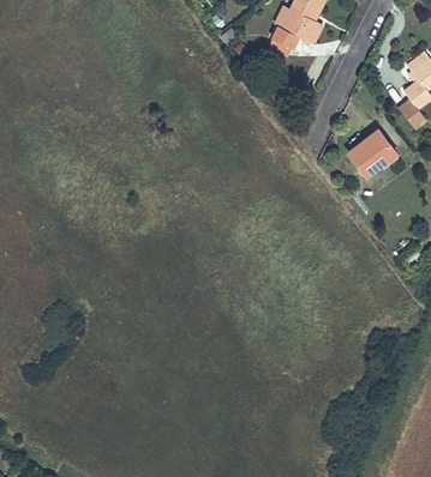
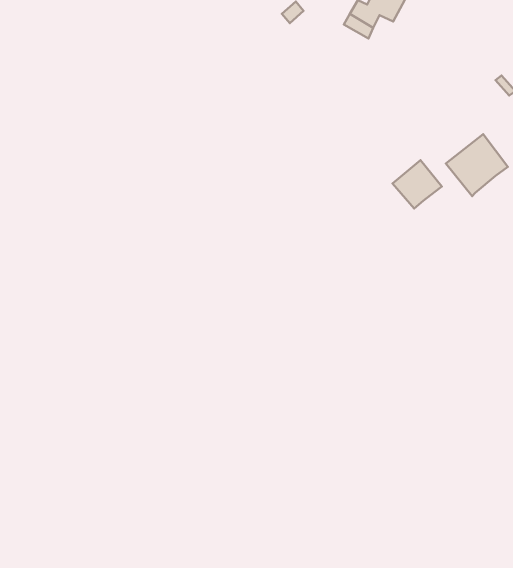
building: none -> [393,160,442,209]

